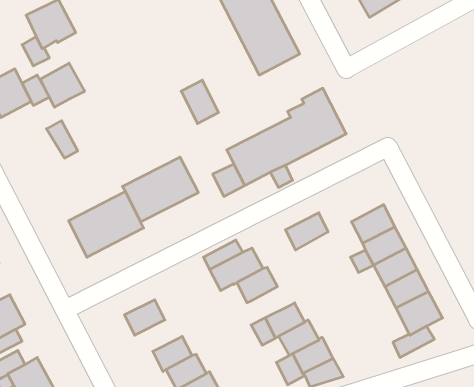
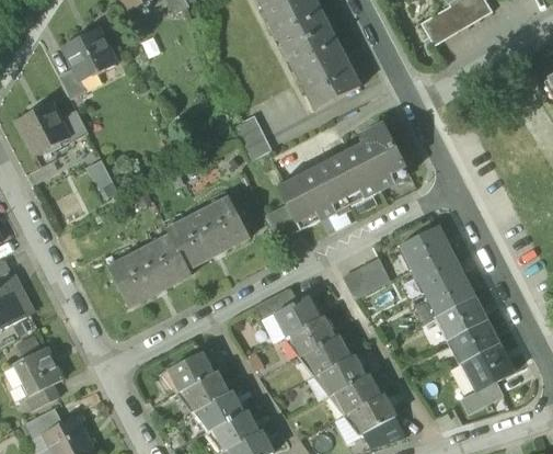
building: [40,63,84,107] -> none
building: none -> [401,226,449,268]
building: none -> [306,336,349,374]
building: none -> [184,372,228,410]

